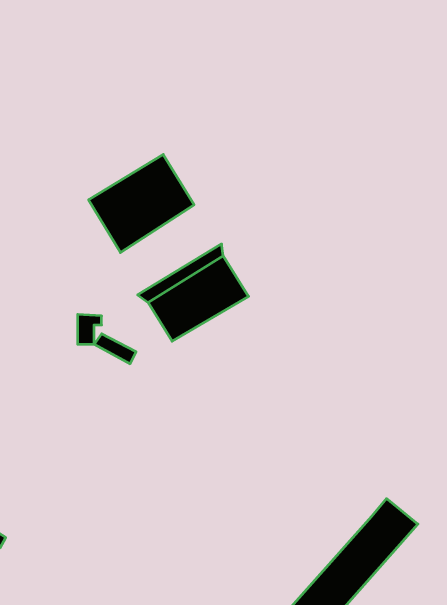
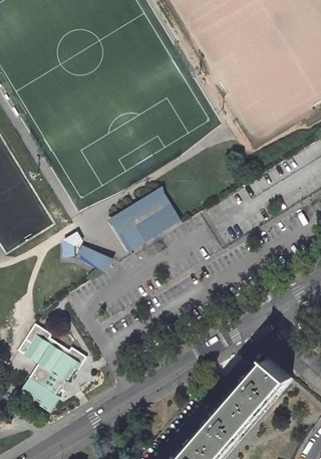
building: [89,154,194,253] -> none
building: none -> [20,323,83,412]

